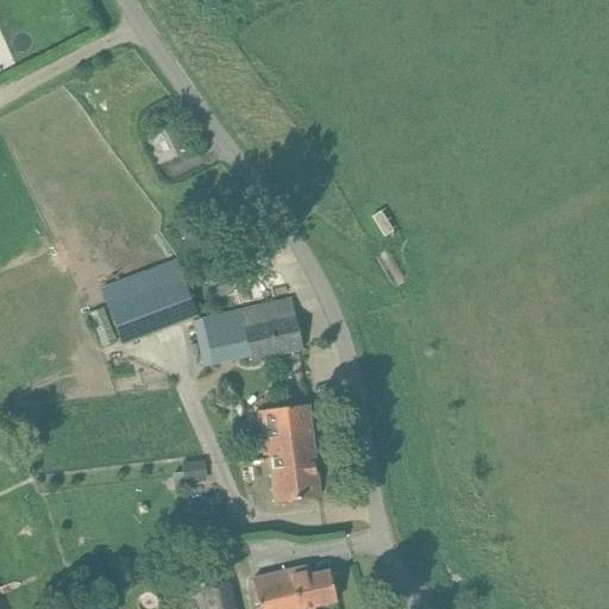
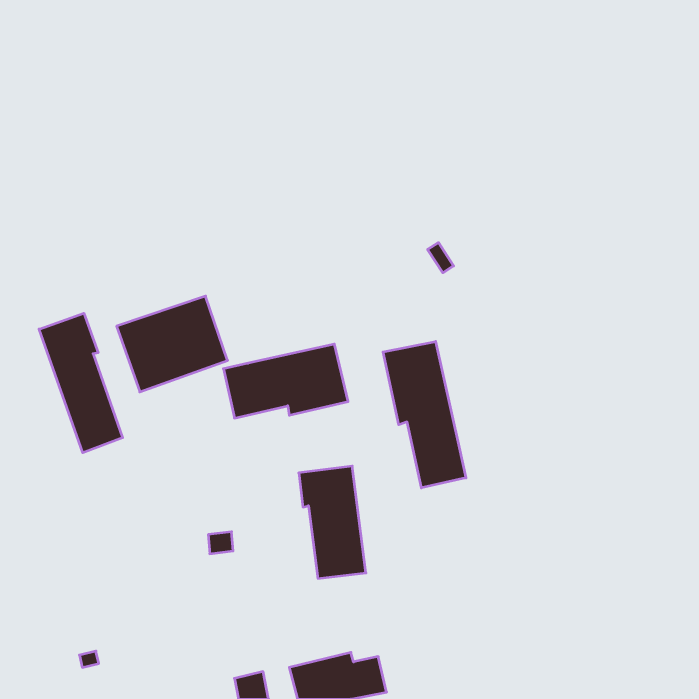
building: none -> [39,313,123,453]
building: none -> [383,341,466,488]

